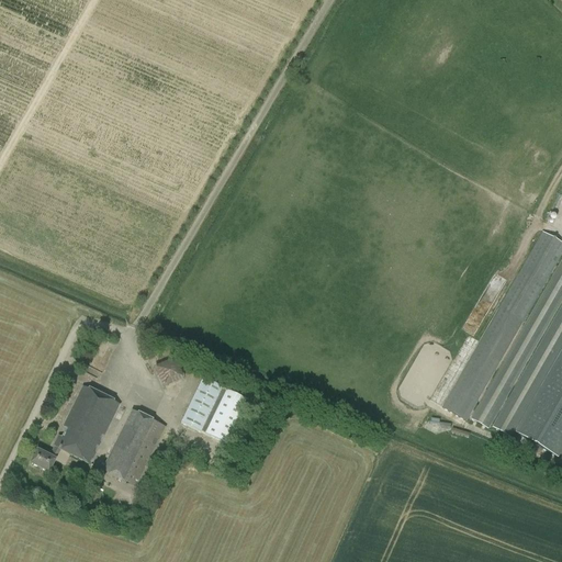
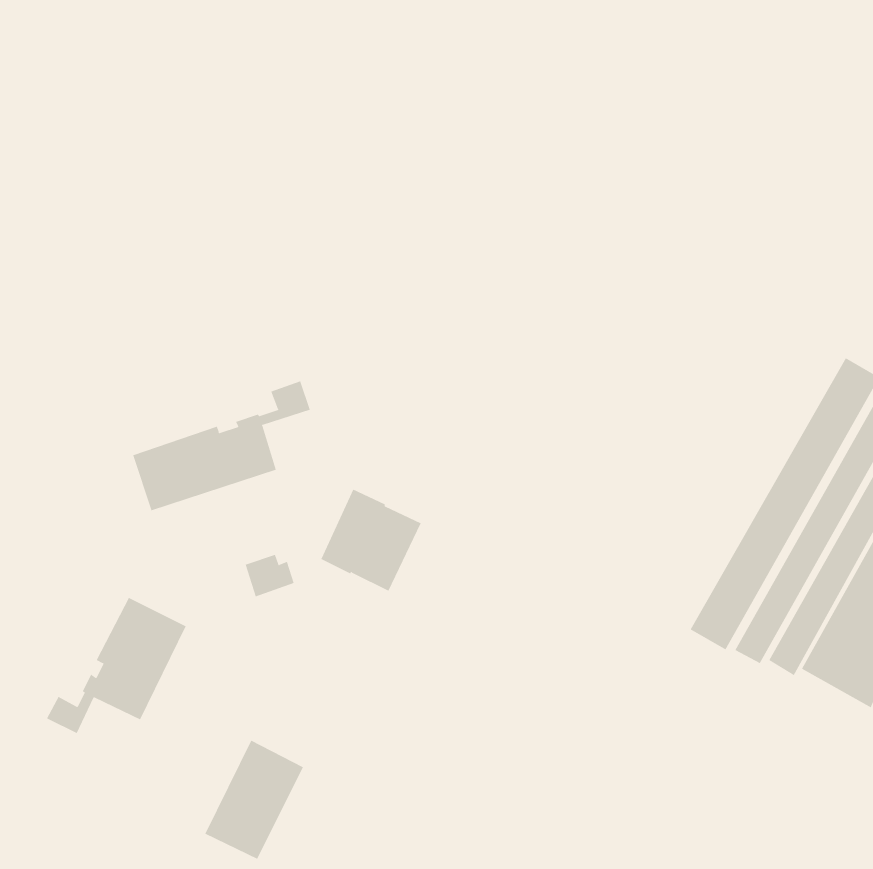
building: none -> [133,381,310,511]
building: [182,375,247,441] -> [320,489,421,592]
building: [103,407,167,484] -> [205,740,304,860]

